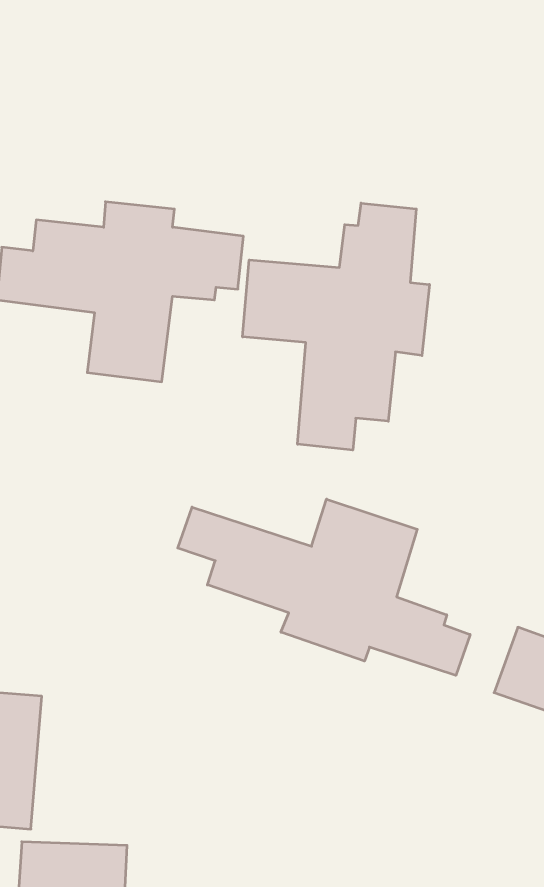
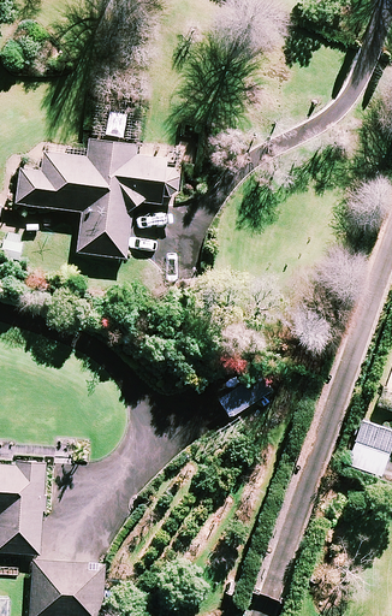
building: [243,203,429,450] -> none
building: [178,499,470,675] -> none

